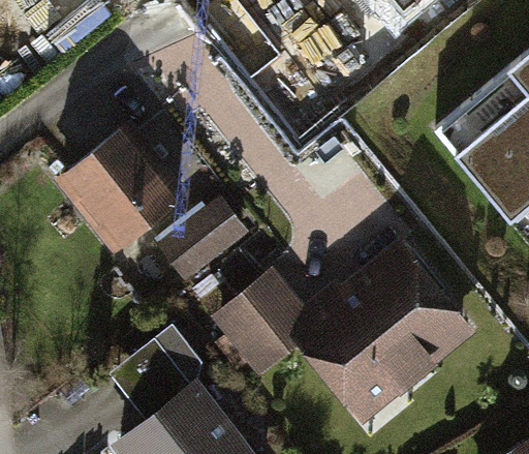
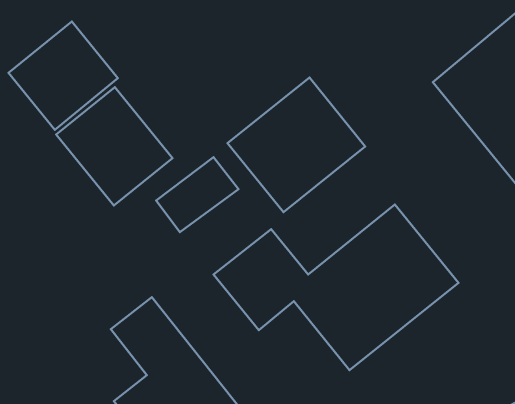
building: none -> [9,21,118,130]
building: none -> [228,78,365,212]

